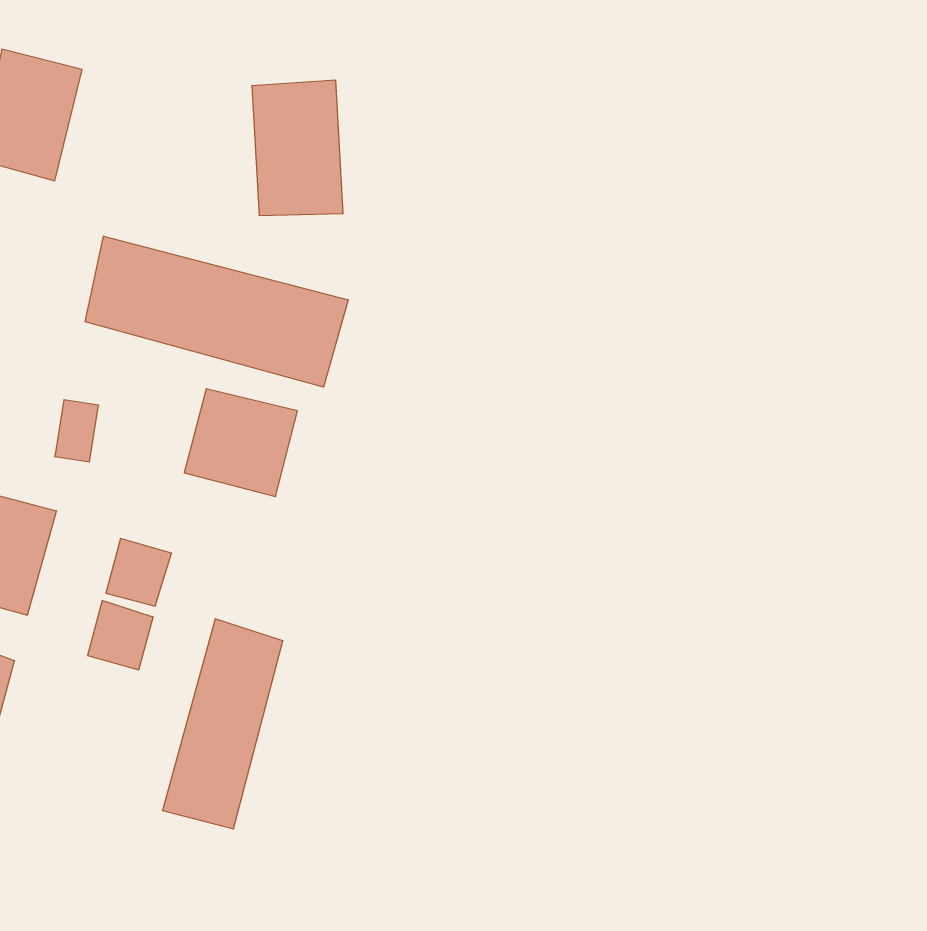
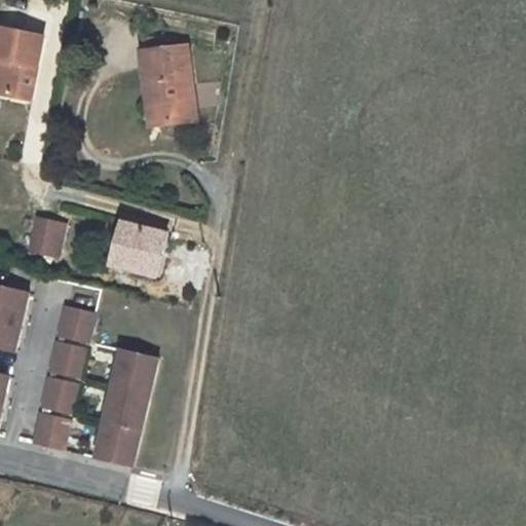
building: [85,236,348,387] -> none
building: none -> [39,375,77,412]
building: none -> [30,409,67,447]

